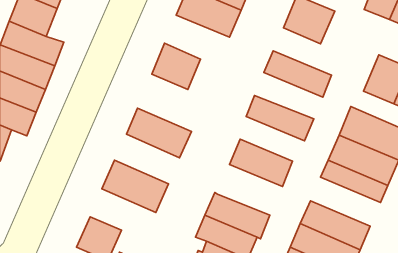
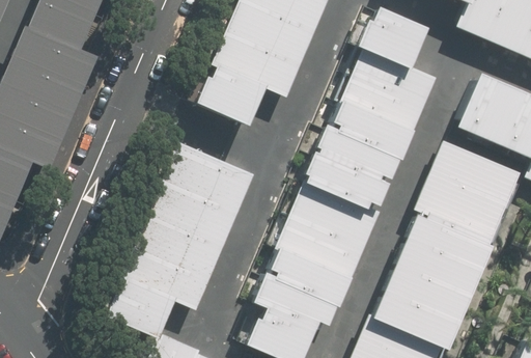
building: none -> [217,32,297,94]
building: none -> [351,48,435,106]
building: none -> [328,103,412,160]
building: none -> [306,157,389,214]
building: none -> [156,178,235,240]
building: none -> [282,216,362,278]
building: none -> [396,231,482,292]
building: none -> [125,246,206,309]

